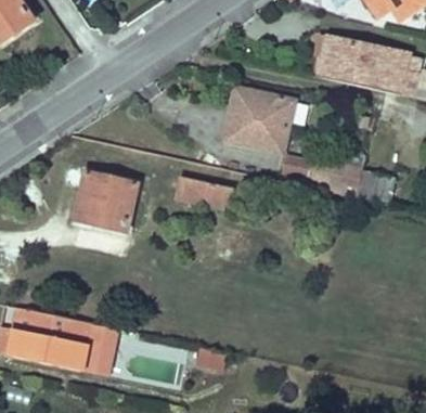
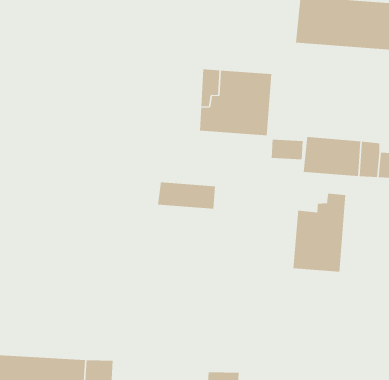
building: [76,172,137,230] -> none
building: none -> [293,193,346,272]

